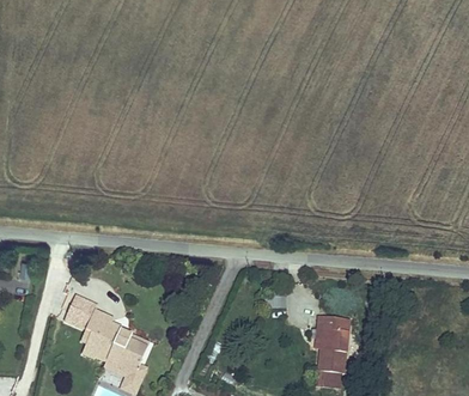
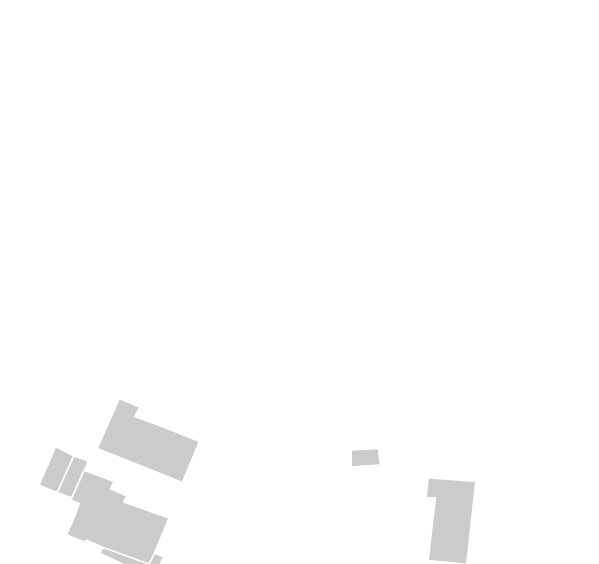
building: none -> [97,398,200,482]

